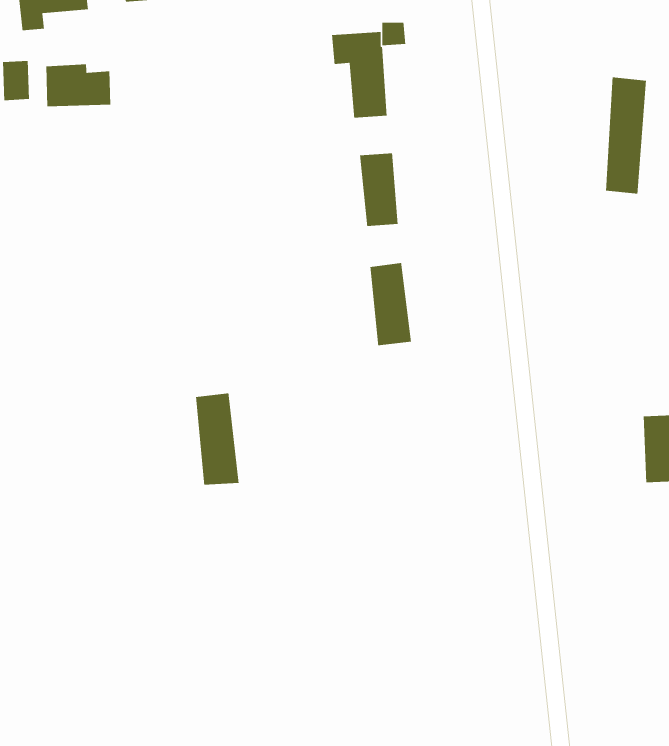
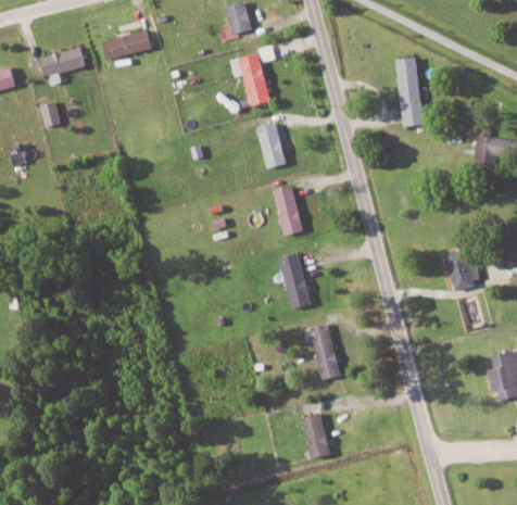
building: [46,64,111,107] -> none
building: [195,392,239,486] -> [278,252,312,308]
building: none -> [308,323,340,379]
building: none -> [302,412,330,458]

